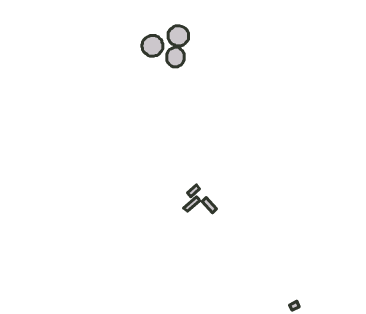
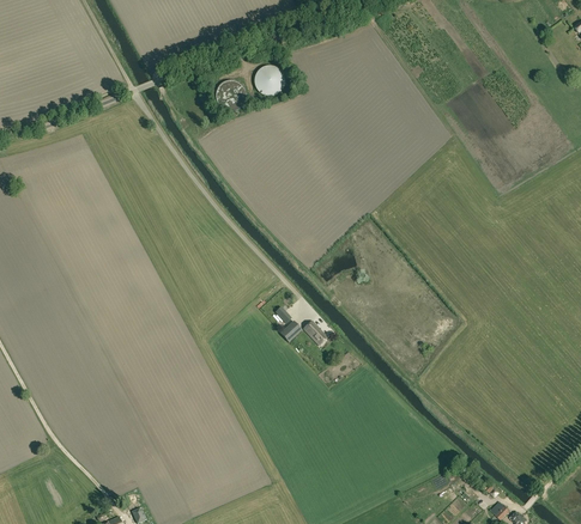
building: [167,47,184,67] -> none

